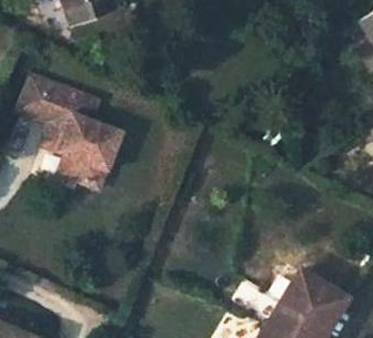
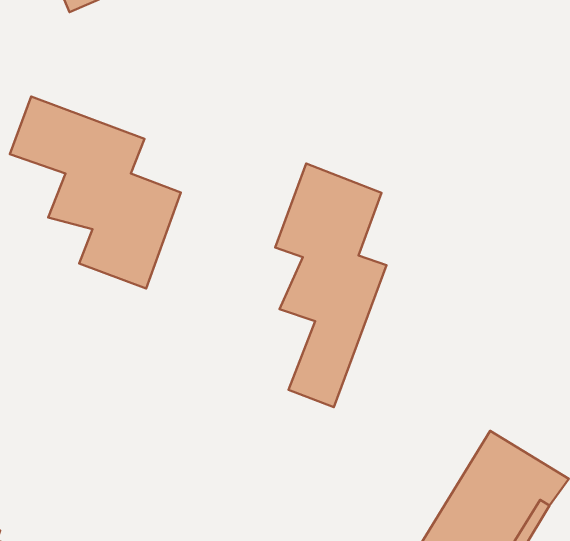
building: none -> [275,163,386,407]

